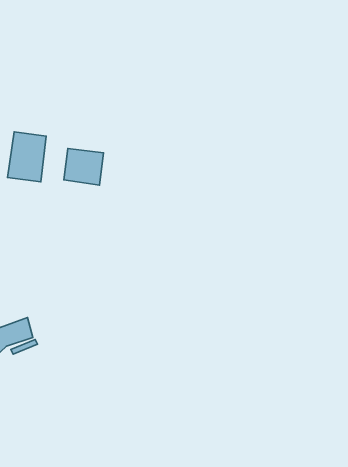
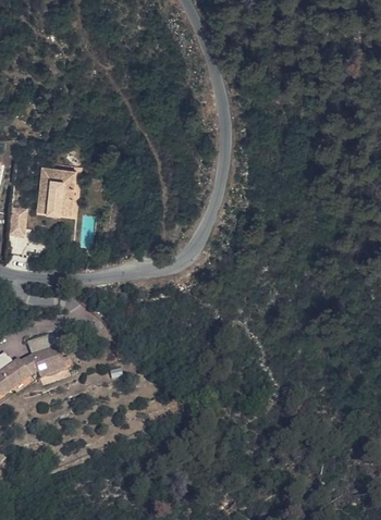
building: [64,149,104,185] -> none

